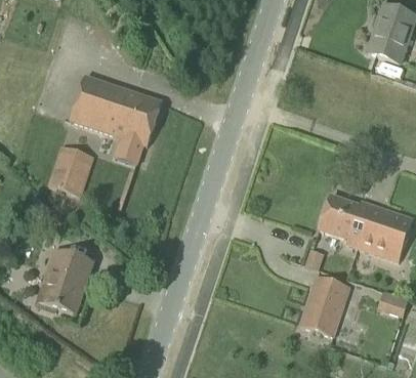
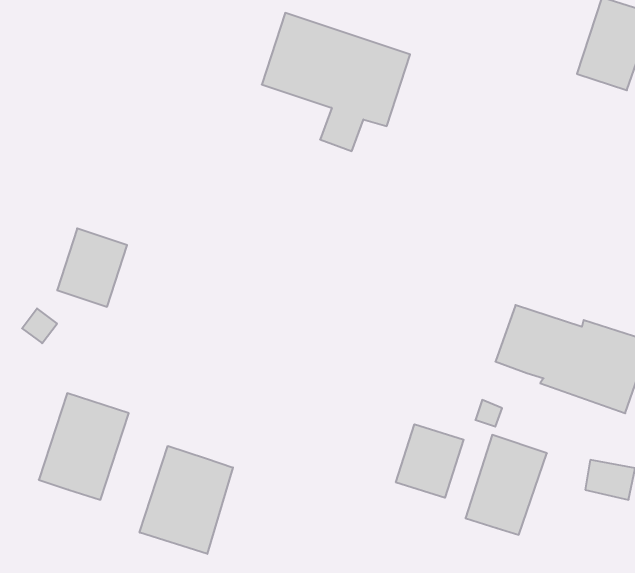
building: [71,75,162,160] -> [262,13,410,151]
building: none -> [396,424,464,498]
building: none -> [140,446,233,554]

